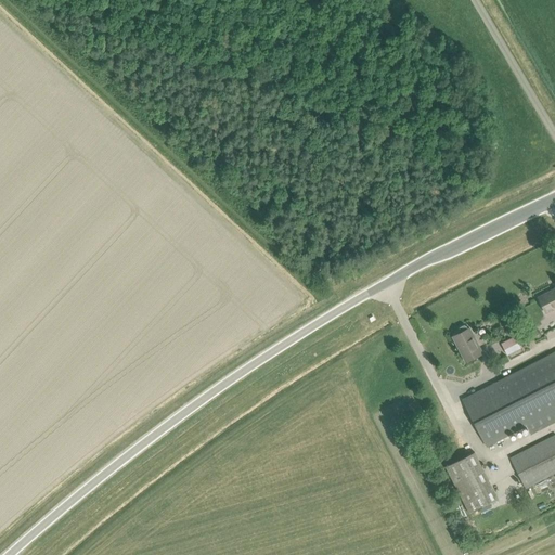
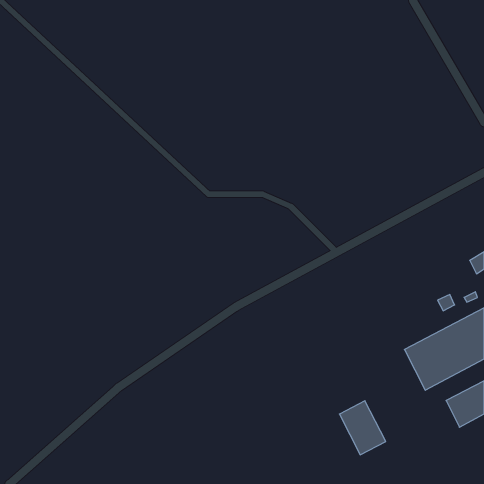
building: [452,326,482,362] -> none
building: [446,453,499,515] -> [339,401,386,455]

